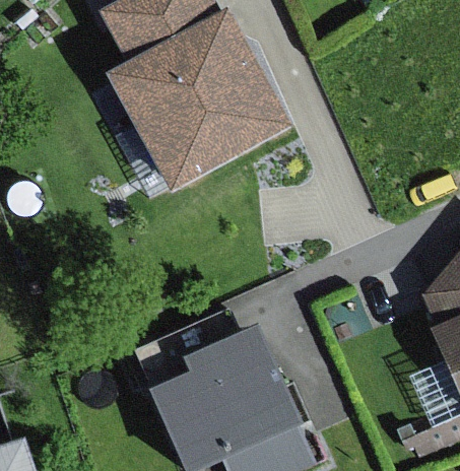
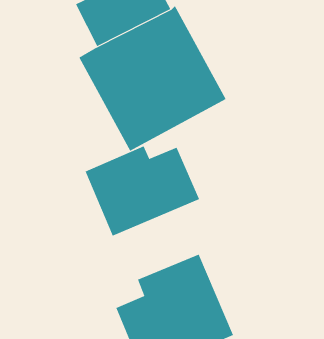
building: none -> [85,146,200,237]

